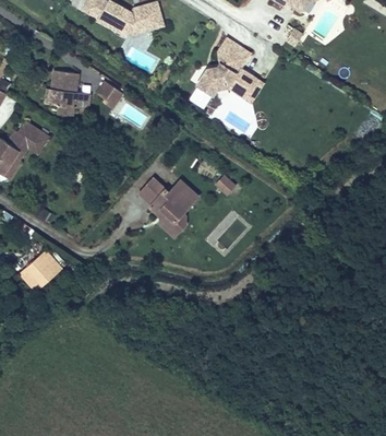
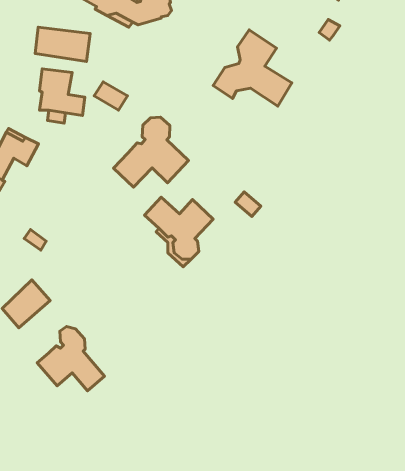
building: none -> [35,27,90,62]
building: none -> [113,117,189,187]
building: none -> [37,327,105,391]

